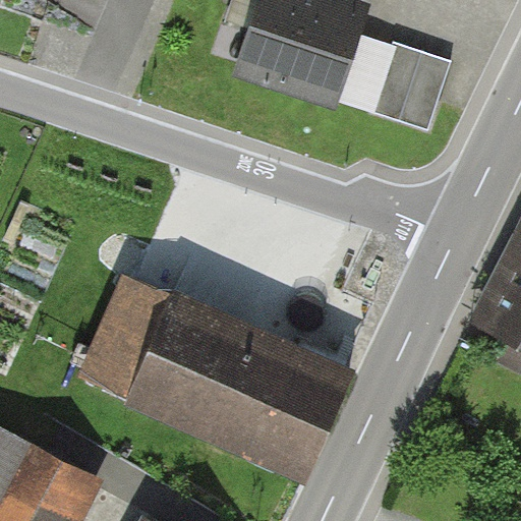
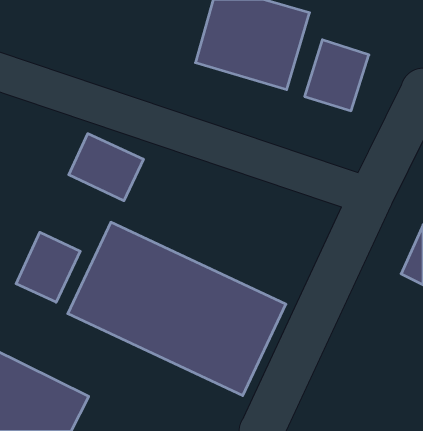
building: none -> [69,134,143,201]
building: none -> [16,232,80,302]

